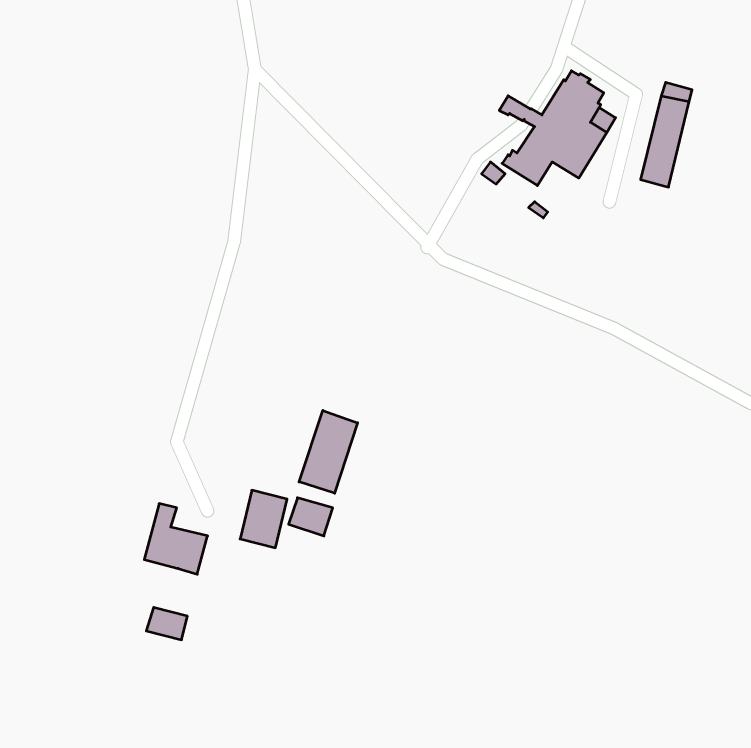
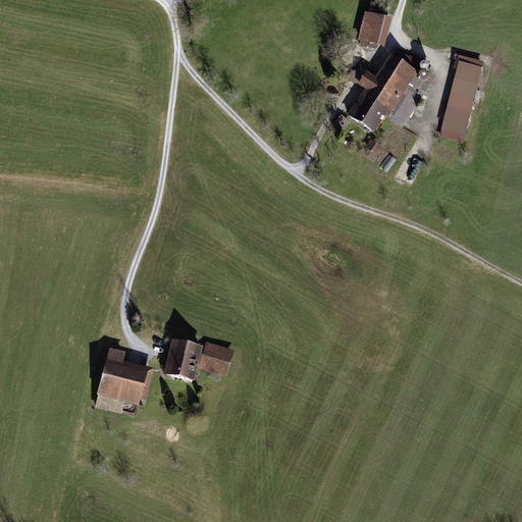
building: none -> [360,13,384,43]
building: [299,410,358,493] -> none
building: [146,607,187,640] -> [95,387,123,410]

